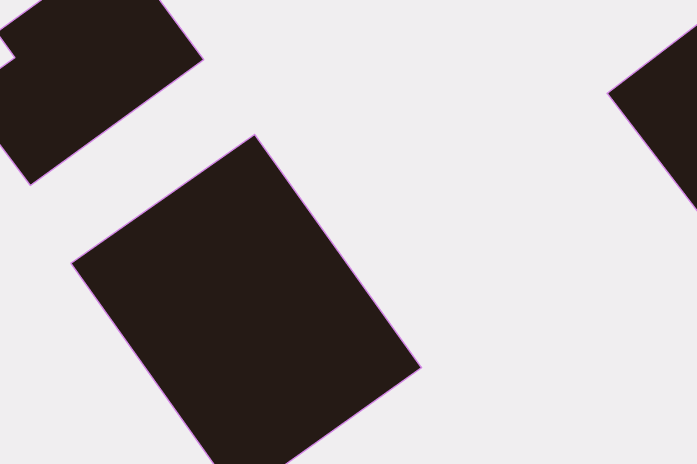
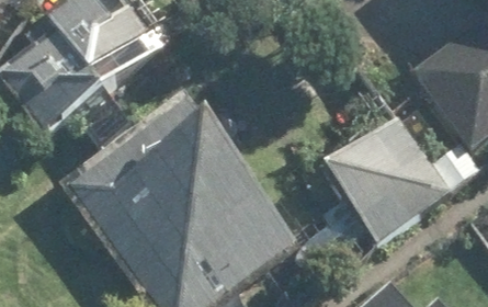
building: none -> [319,109,456,247]

